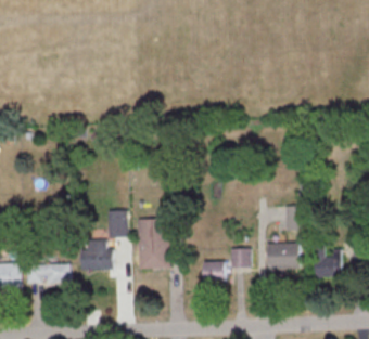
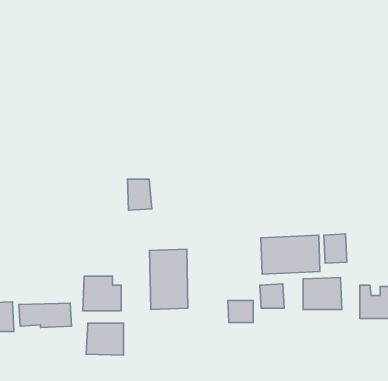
building: none -> [261,235,320,274]
building: [106,212,127,238] -> [127,179,152,210]
building: none -> [86,323,123,355]

